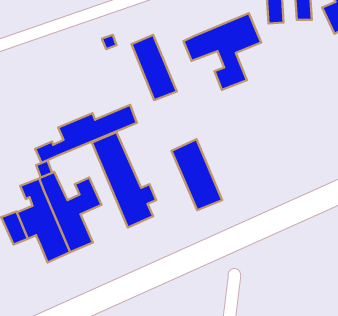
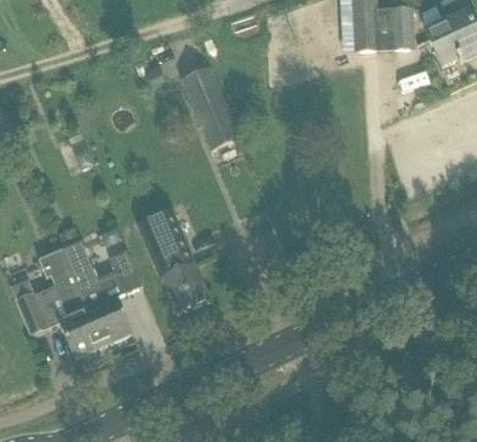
building: [183,13,261,90] -> none
building: [35,105,137,163] -> none
building: [172,139,222,210] -> none

